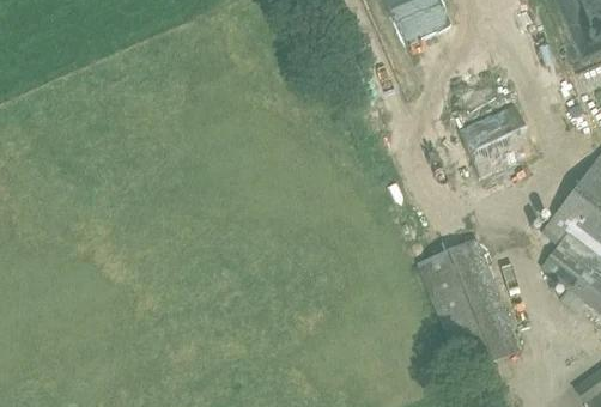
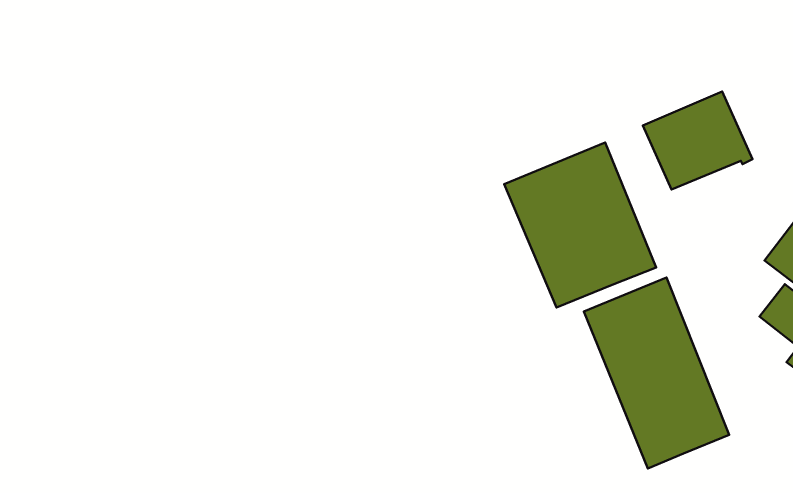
building: none -> [504,143,656,308]

